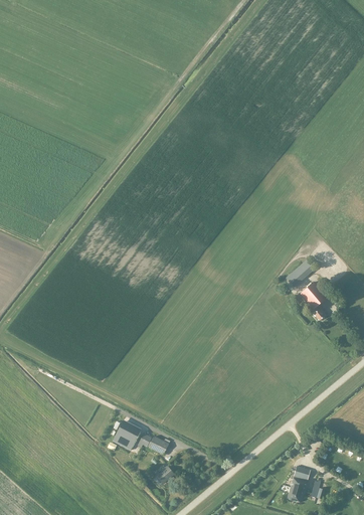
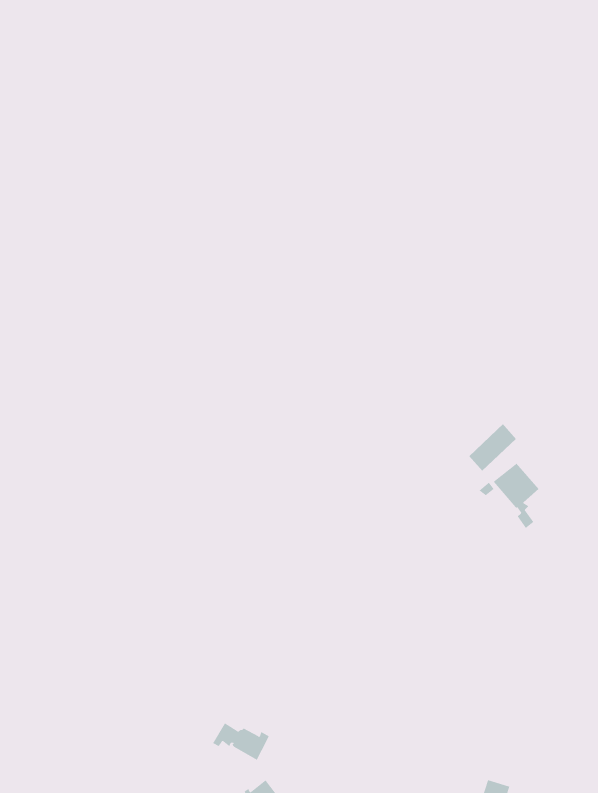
building: [113,421,141,450] -> none

